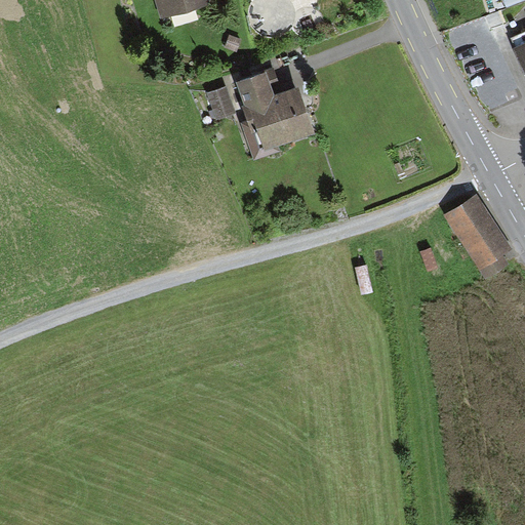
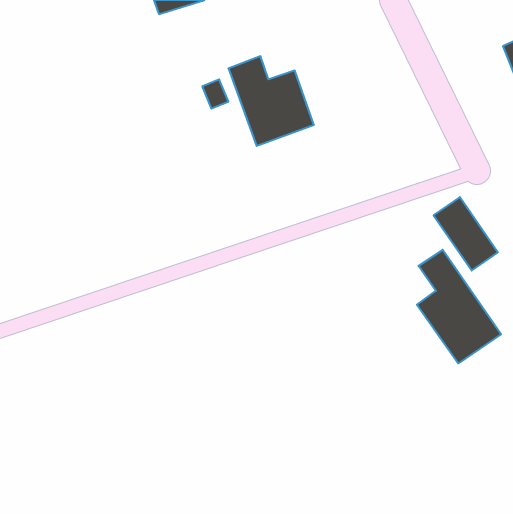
building: none -> [417,250,501,363]

